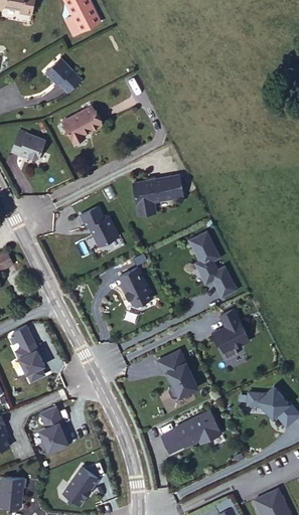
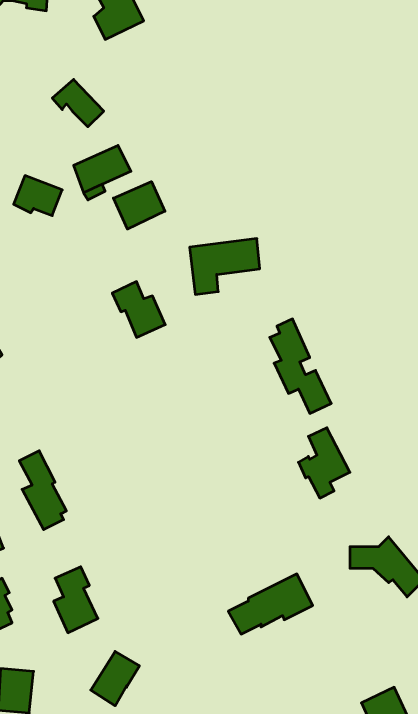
building: none -> [113,182,165,229]
building: [119,268,152,306] -> none
building: [159,351,199,400] -> none

